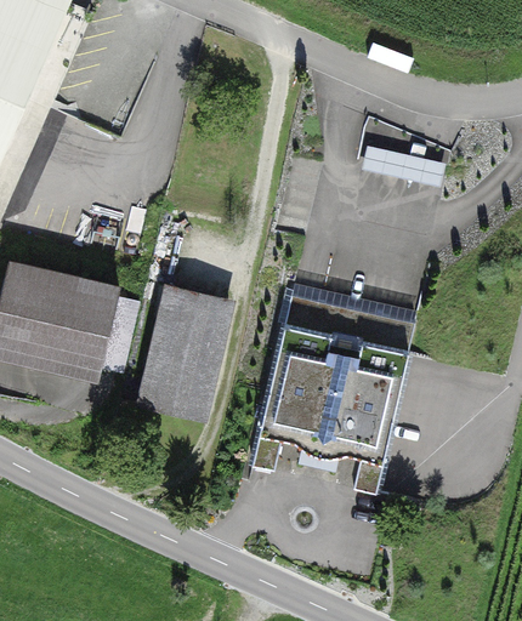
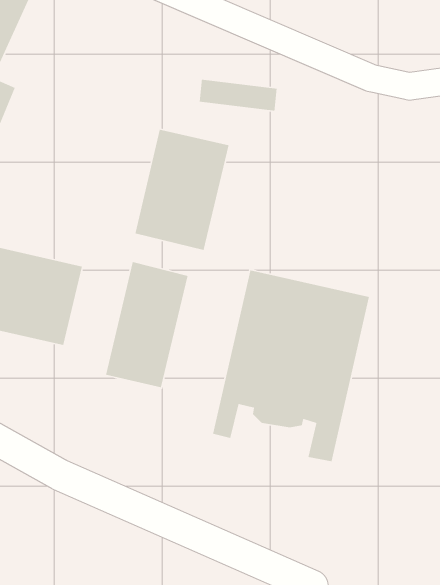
building: [367,146,448,180] -> [199,79,277,112]
building: none -> [135,129,229,251]

